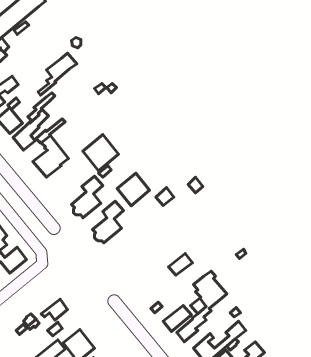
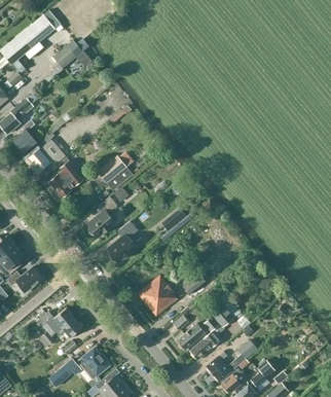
building: [38,53,77,95] -> [45,40,83,81]
building: [117,173,150,206] -> none
building: none -> [138,276,177,316]
building: none -> [39,308,75,332]

